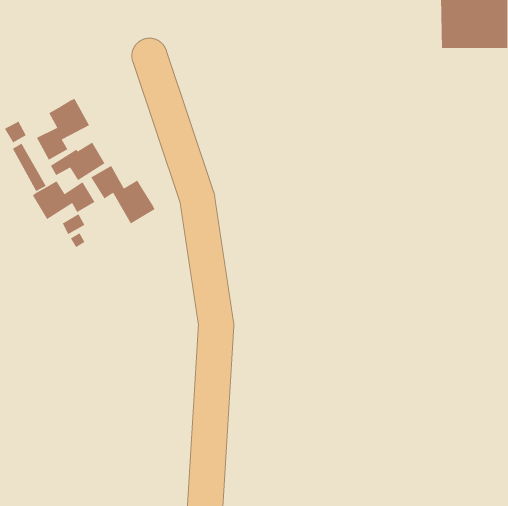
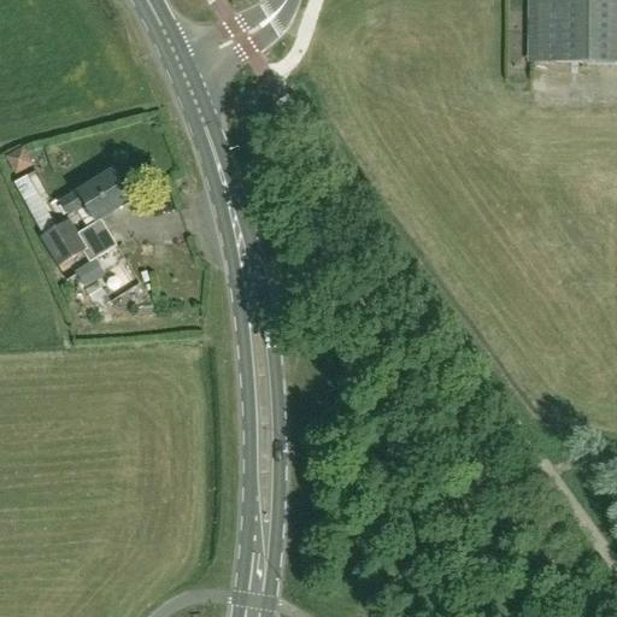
building: [36,98,90,161] -> none
building: [90,165,156,225] -> none

